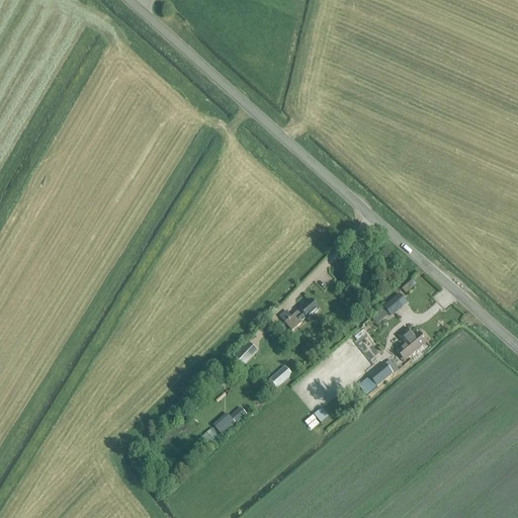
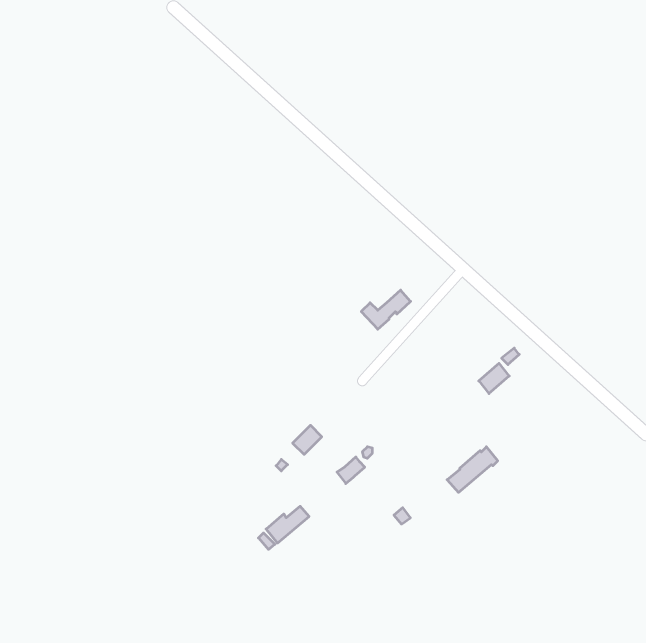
building: [278,297,318,329] -> [361,290,411,329]
building: [397,325,425,358] -> none

